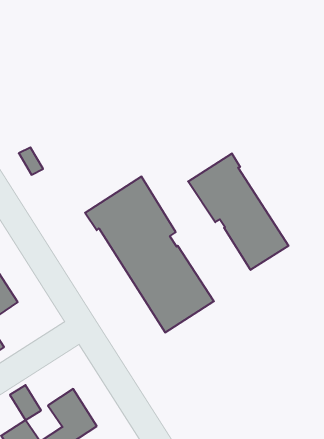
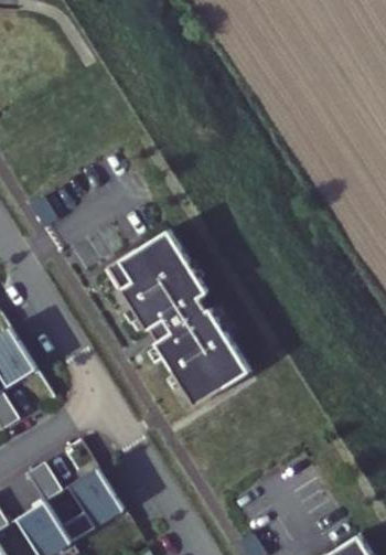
building: [188,153,288,270] -> none

